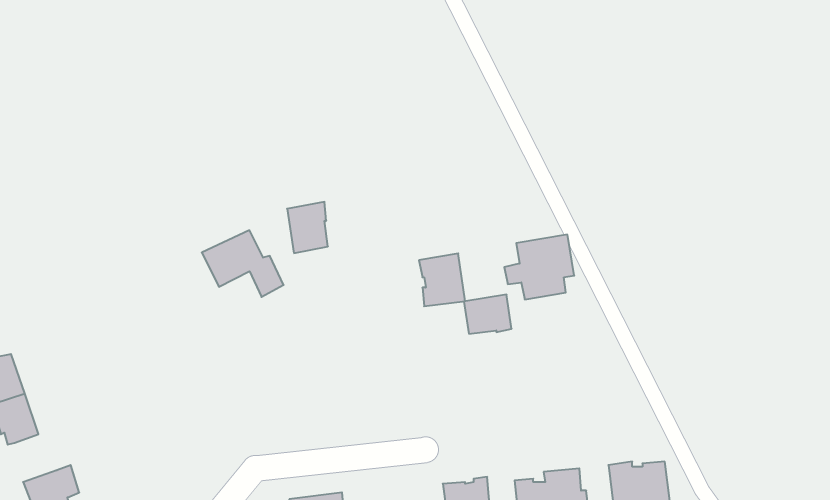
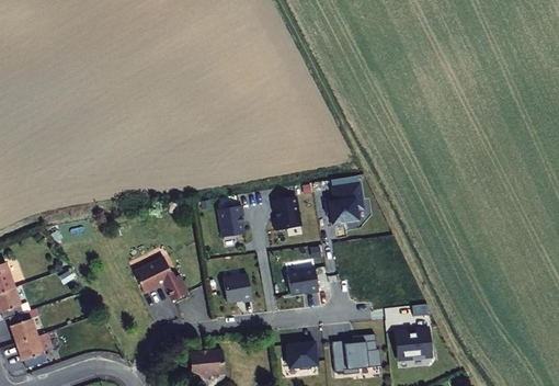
building: [287,202,328,253] -> [219,205,246,238]
building: [202,230,284,297] -> [134,257,186,299]
building: [464,295,512,334] -> [285,268,316,293]
building: none -> [220,271,249,298]
building: none -> [11,310,38,342]

